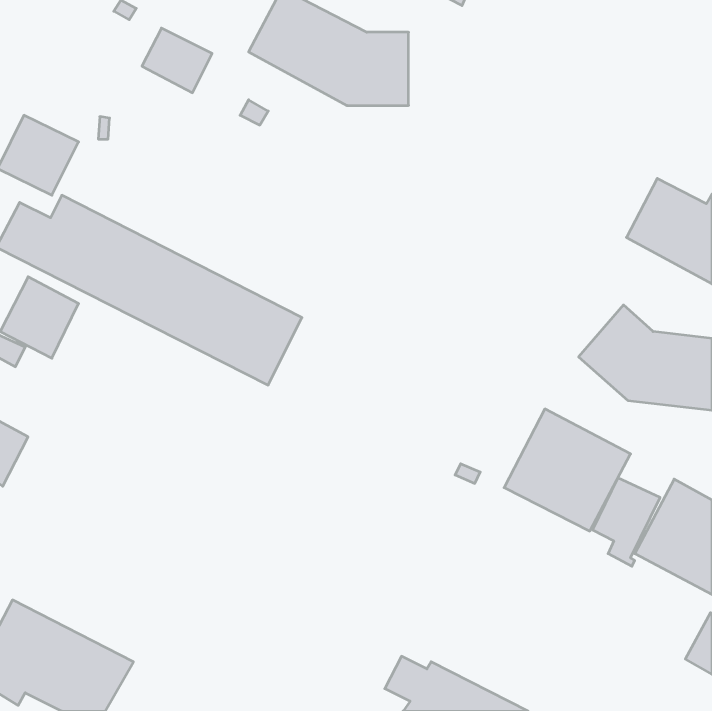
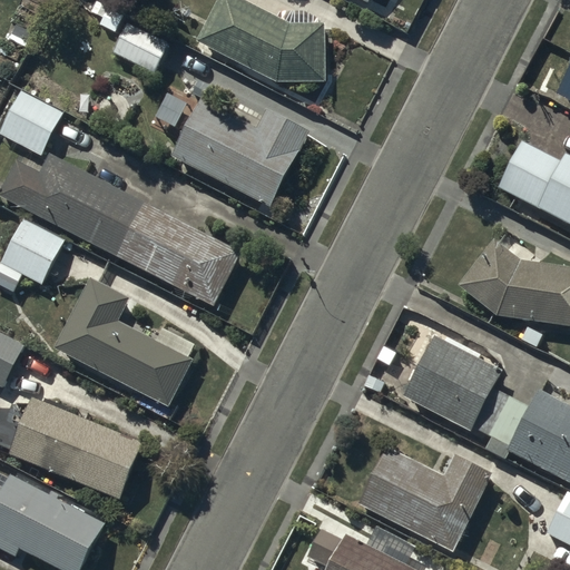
building: none -> [171,99,309,208]
building: none -> [53,279,193,410]
building: none -> [9,400,141,501]
building: none -> [354,436,488,540]

